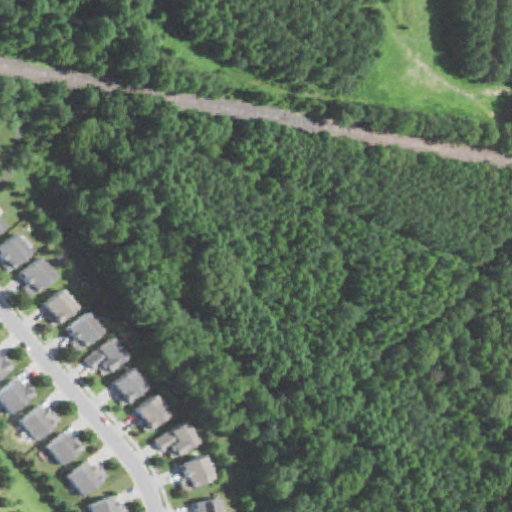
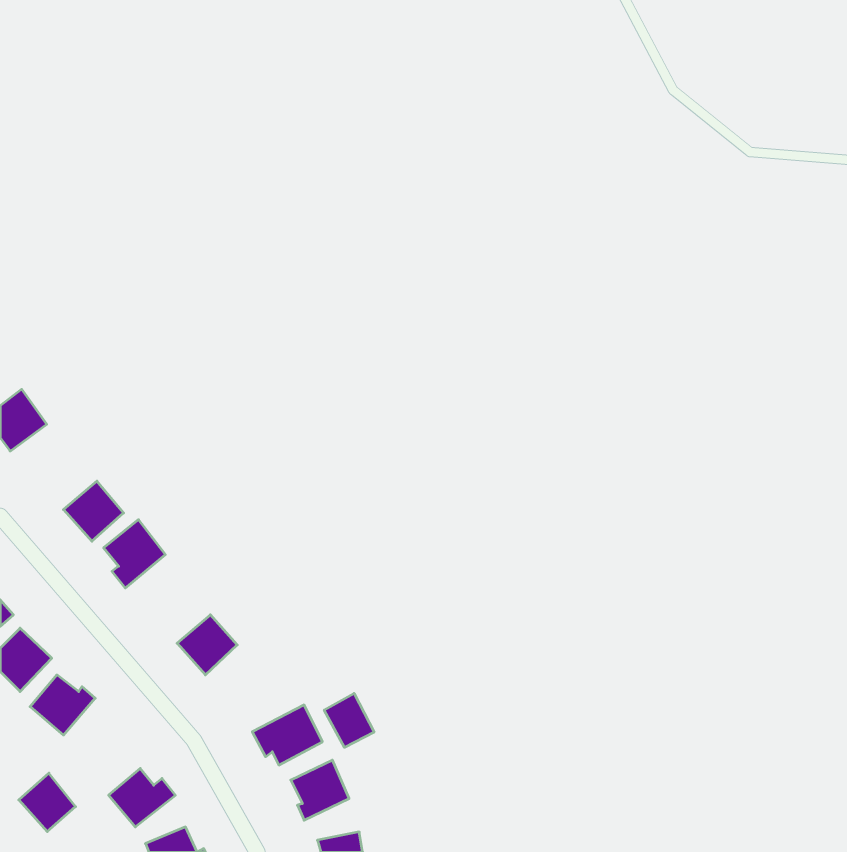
building: [19,257,56,296] -> none
building: [87,337,128,377] -> none
building: [136,396,168,428] -> none
building: none -> [324,693,374,747]
building: [48,430,82,465] -> [19,773,76,832]

